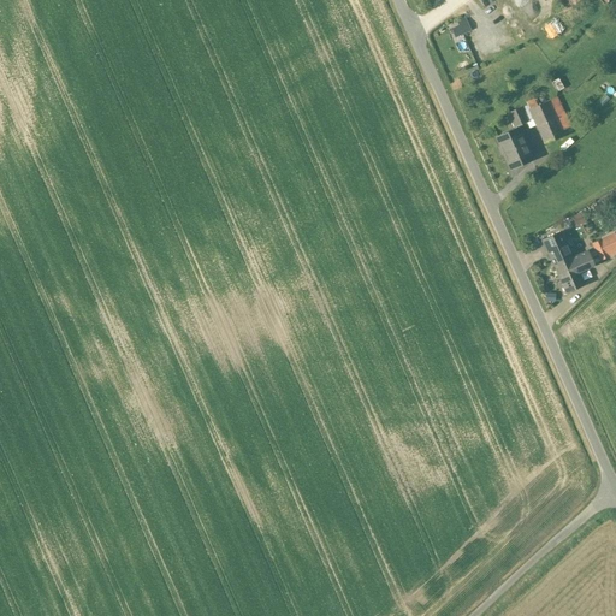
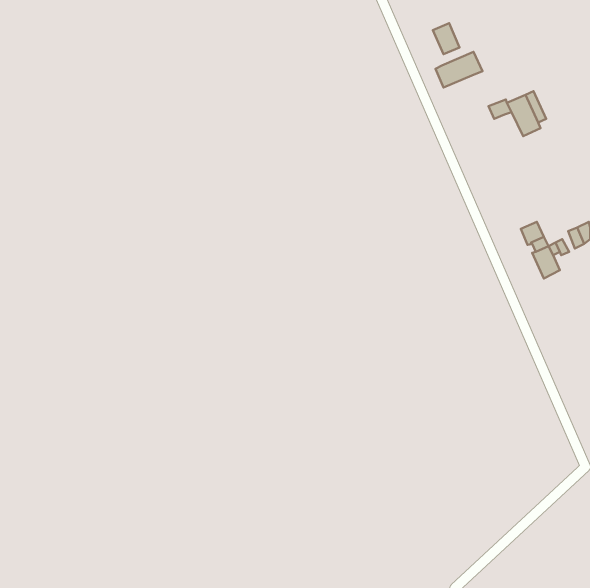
building: none -> [436,52,483,87]
building: [497,126,531,166] -> none

